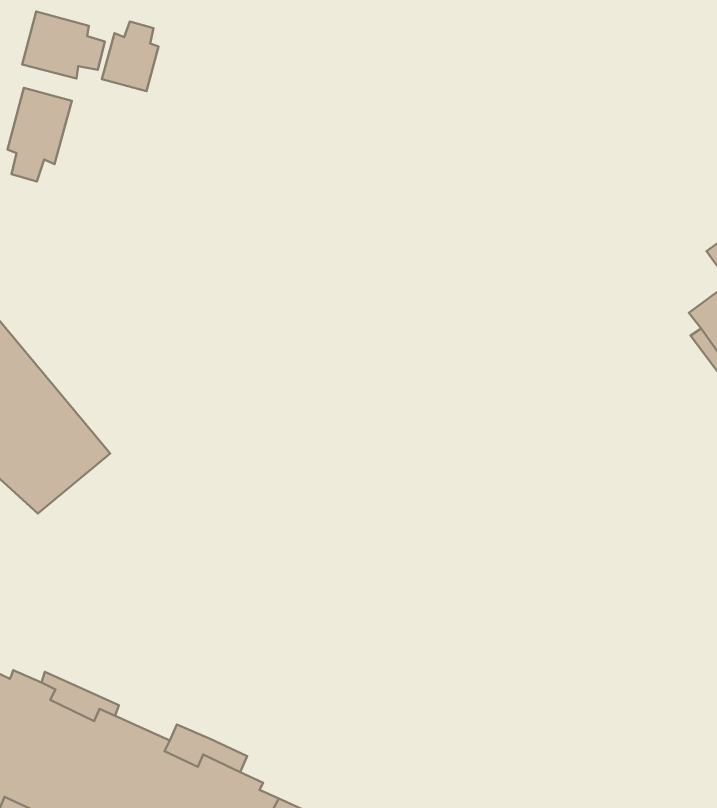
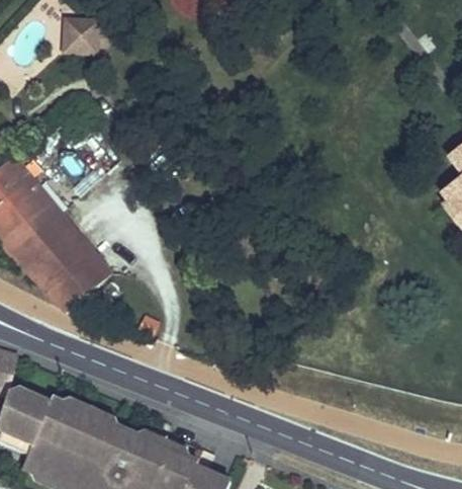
building: [102,22,159,91] -> none
building: [8,88,72,181] -> none

